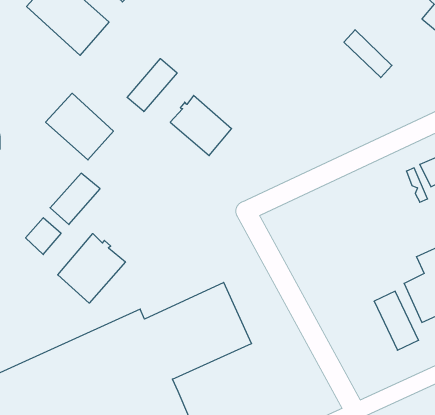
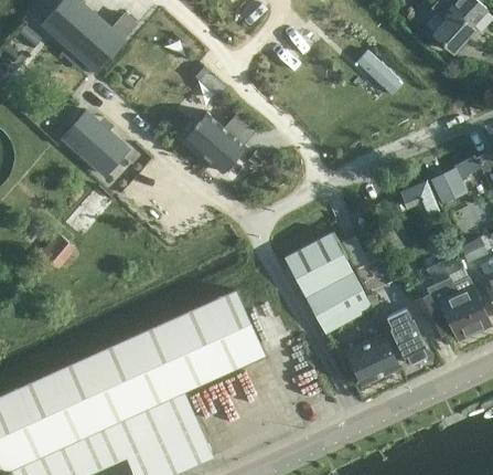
building: [127,59,177,112] -> none
building: none -> [285,232,373,334]
building: [58,234,125,303] -> none
building: none -> [346,334,399,386]

